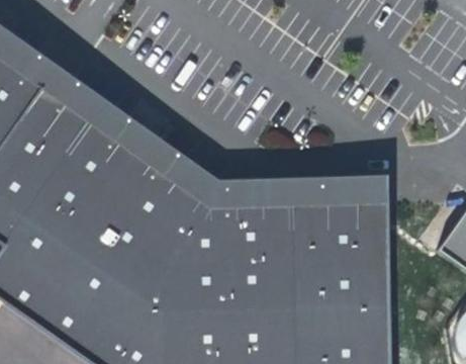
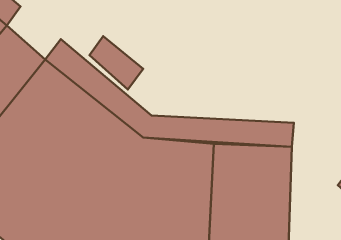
building: [39,62,103,121] -> [90,36,143,90]

